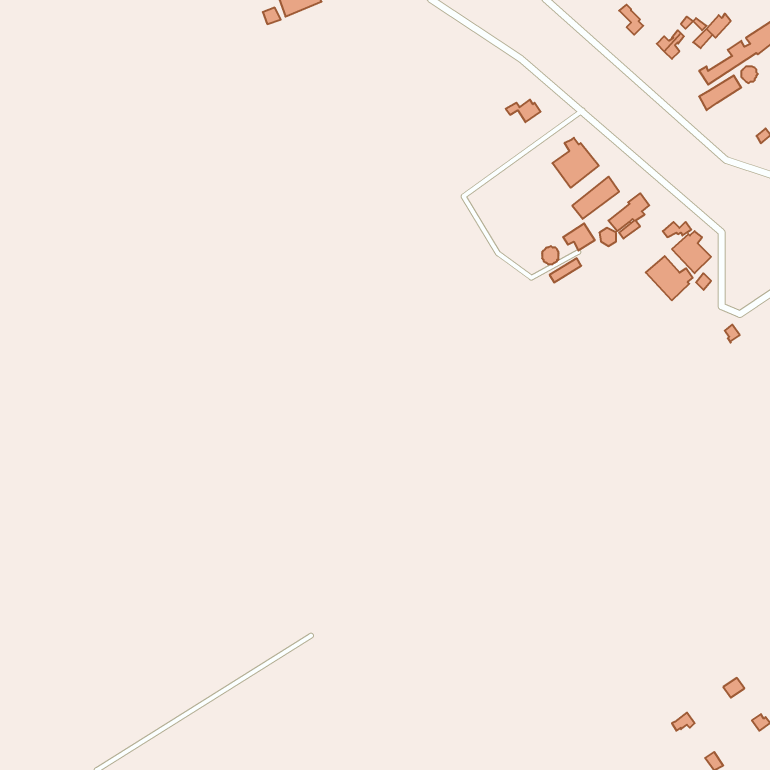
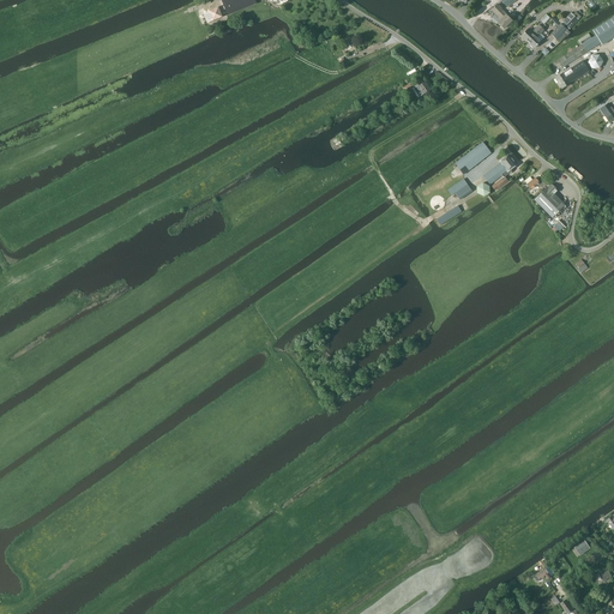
building: [552,138,599,188] -> none
building: [646,256,693,300] -> none

